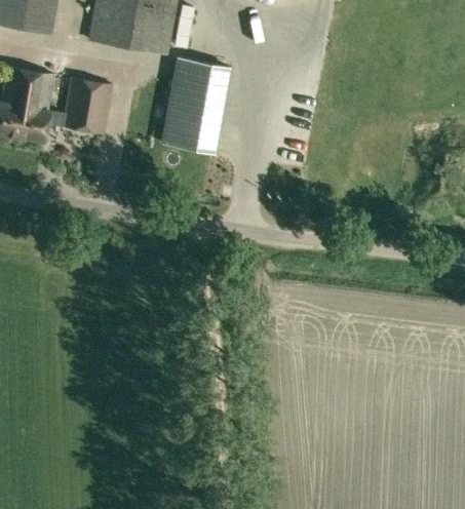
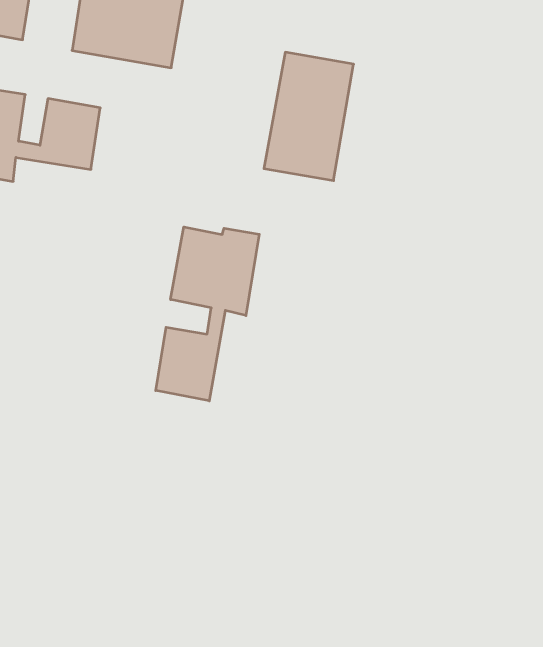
building: [160,56,229,155] -> [264,52,354,181]
building: none -> [156,227,259,401]

